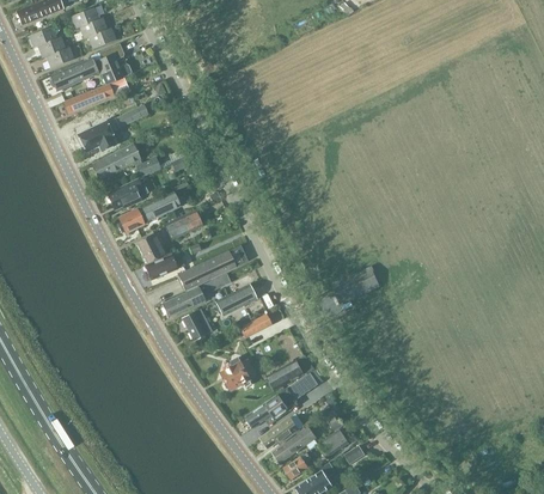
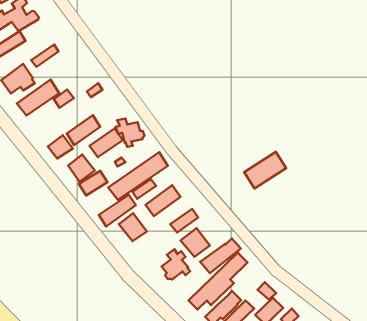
building: [106,178,147,208] -> none
building: none -> [116,118,145,147]
building: none -> [181,228,210,257]

